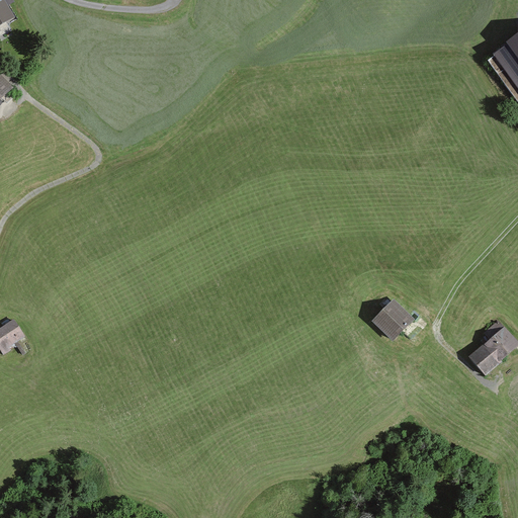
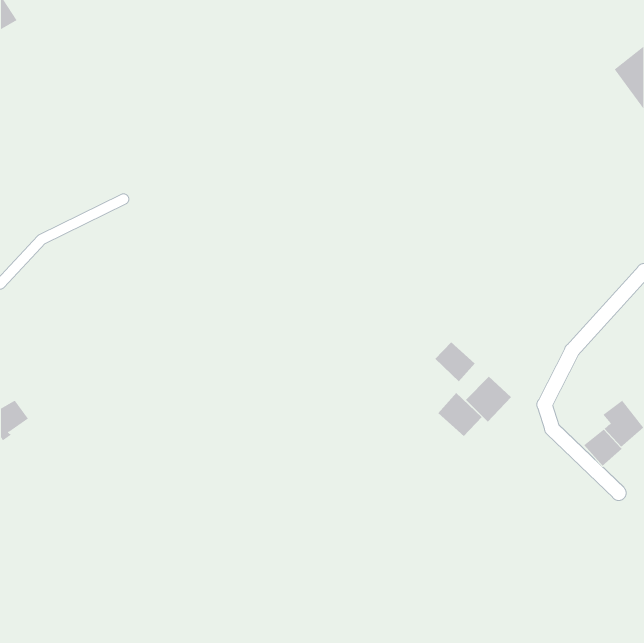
building: none -> [434,341,475,382]
building: none -> [438,392,483,437]

